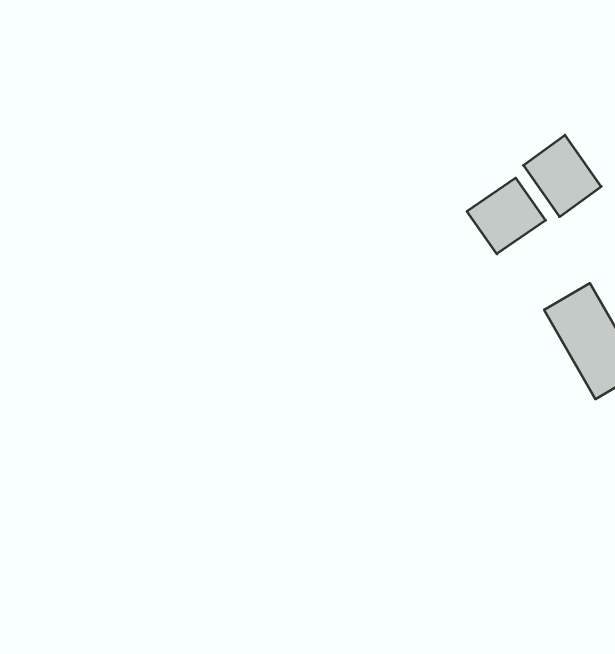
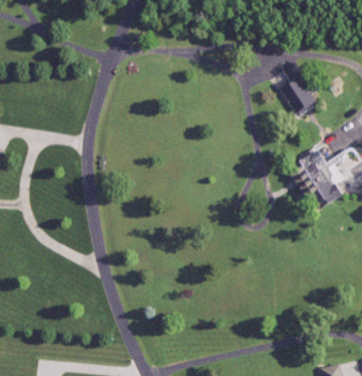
building: [467,178,546,254] -> none

